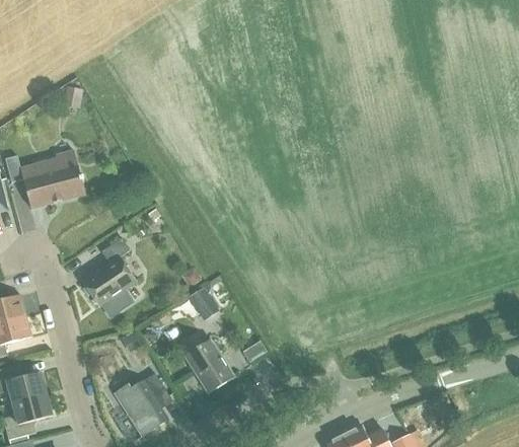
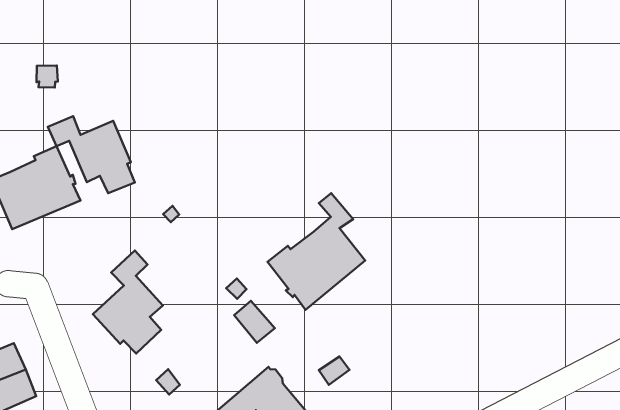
building: none -> [48,116,135,193]
building: none -> [268,193,365,310]

